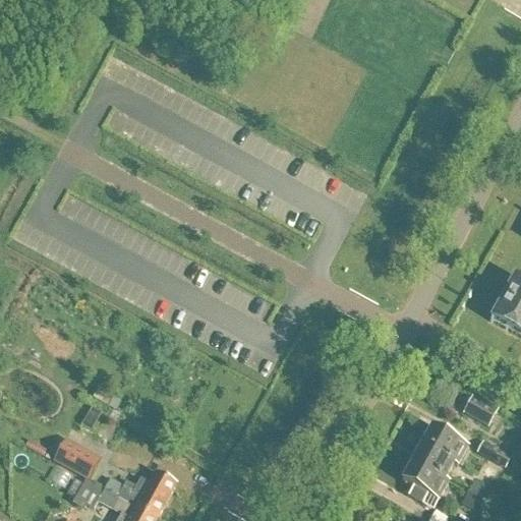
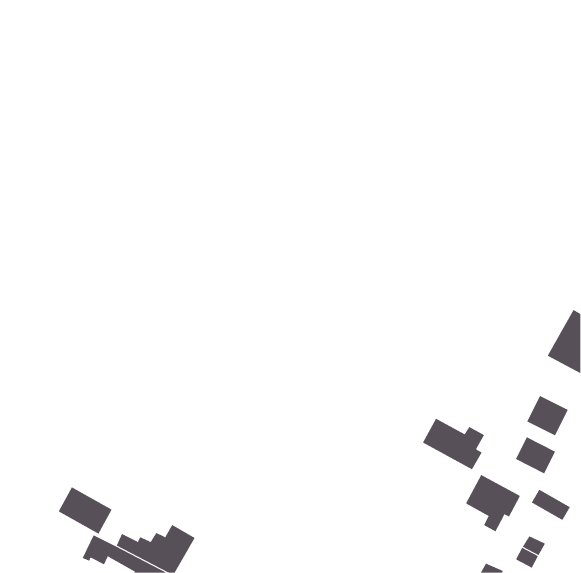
building: none -> [526,395,568,436]
building: none -> [422,418,485,470]
building: [401,451,447,506] -> none

